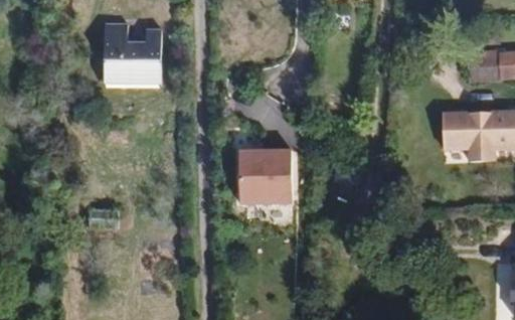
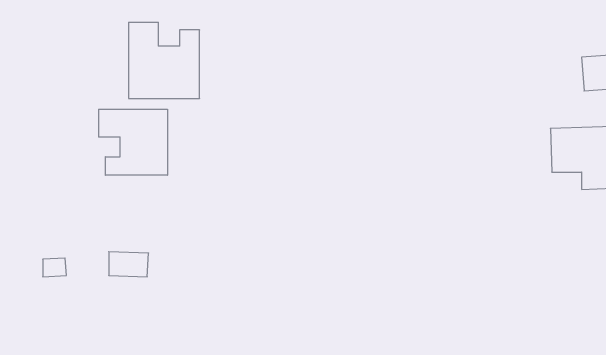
building: none -> [99,109,167,175]
building: [239,151,293,206] -> none

